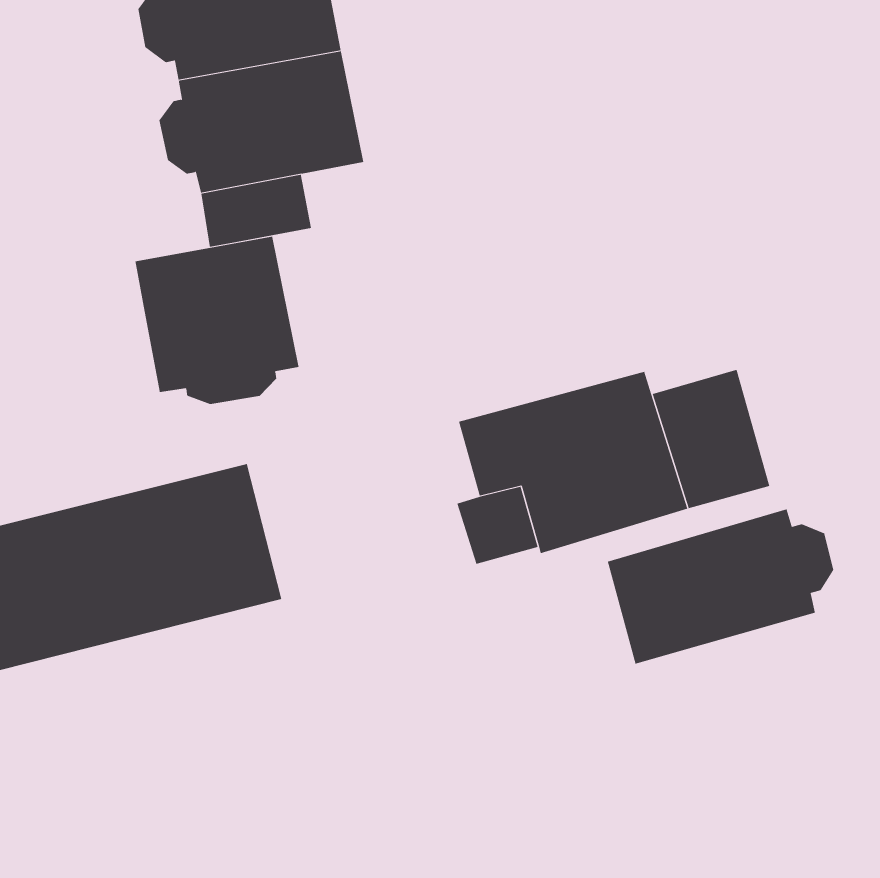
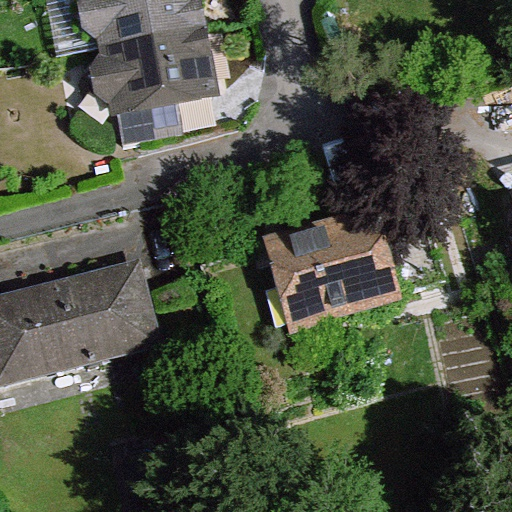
building: [135,236,299,405] -> none
building: [607,509,834,664] -> none

